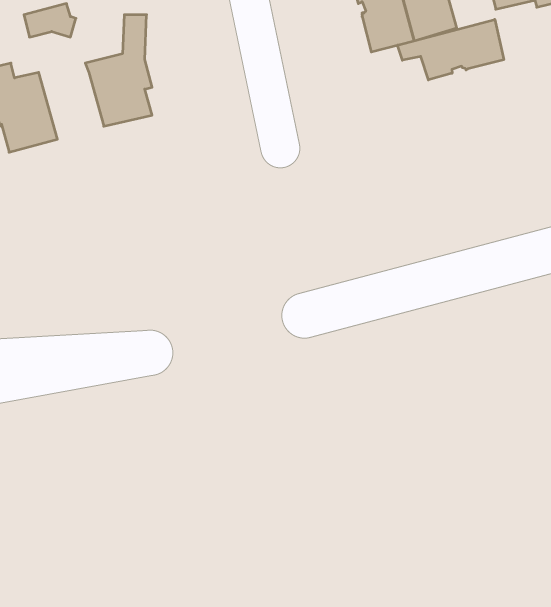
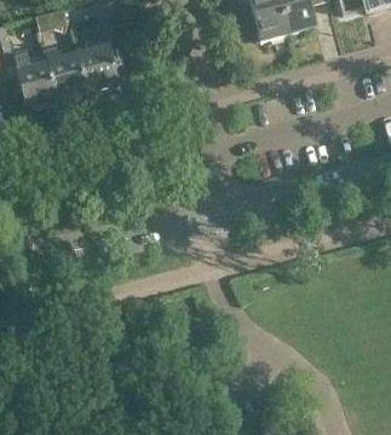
building: [398,19,504,80] -> none
building: none -> [42,47,86,98]

